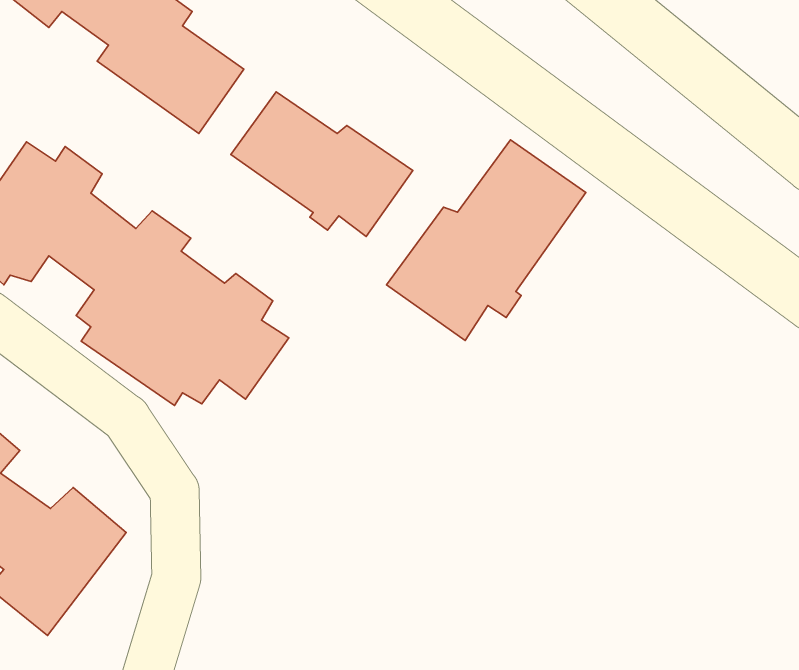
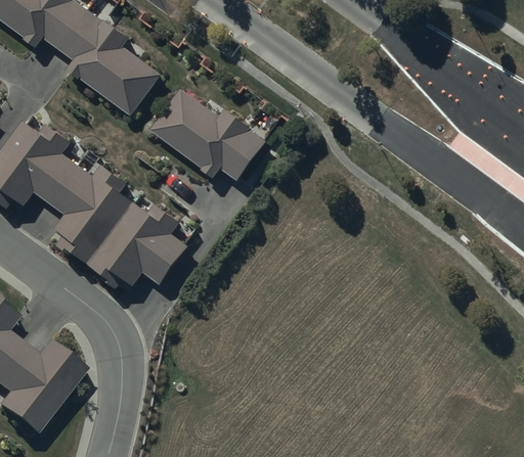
building: [387,140,586,340] -> none

